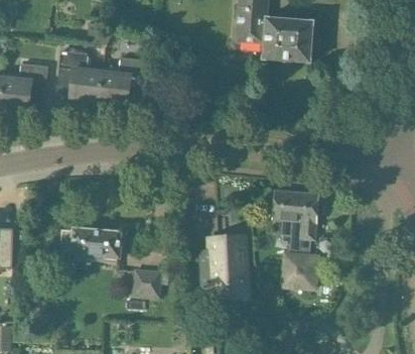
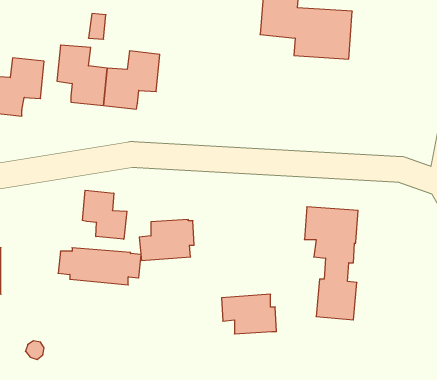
building: none -> [82,190,127,239]
building: [199,235,247,270] -> [139,220,194,260]
building: [133,268,162,298] -> none

